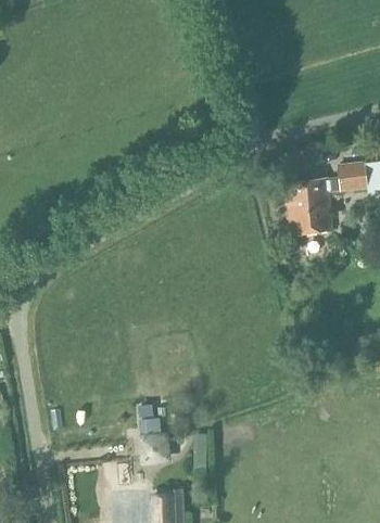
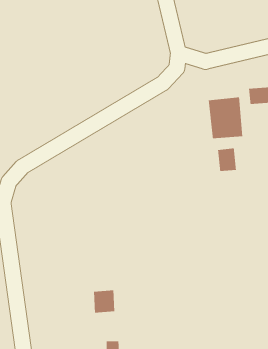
building: none -> [217,147,237,172]

